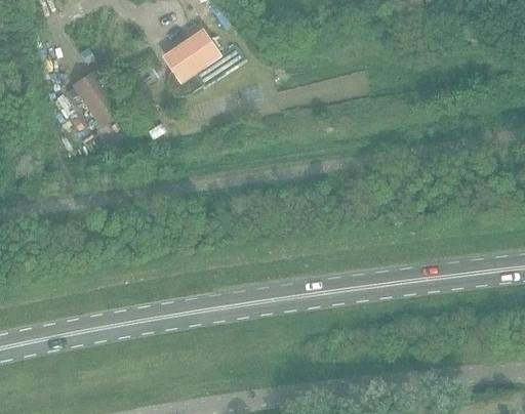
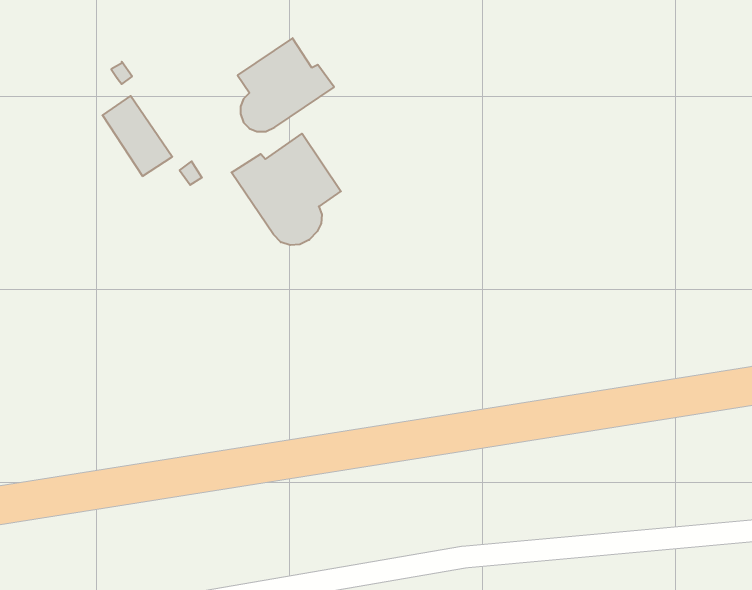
building: none -> [231,134,341,245]

